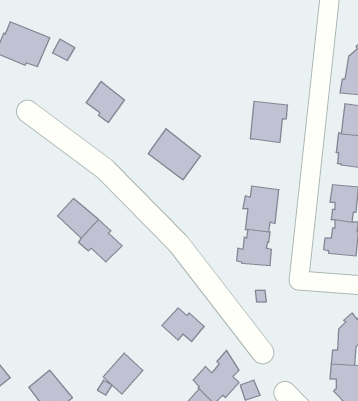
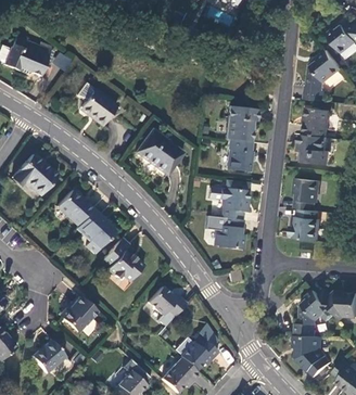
building: none -> [227,139,252,171]
building: none -> [12,155,55,195]
building: none -> [102,239,141,281]
building: [103,353,143,394] -> [61,296,96,332]

